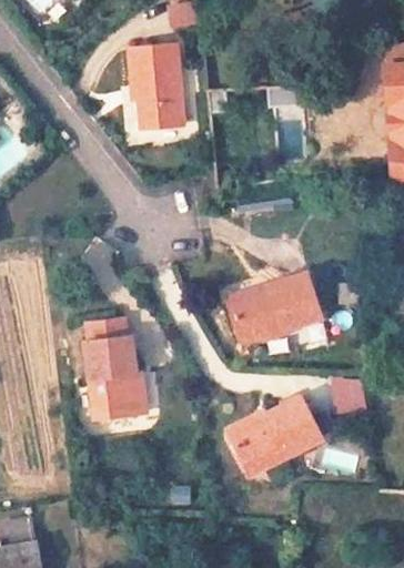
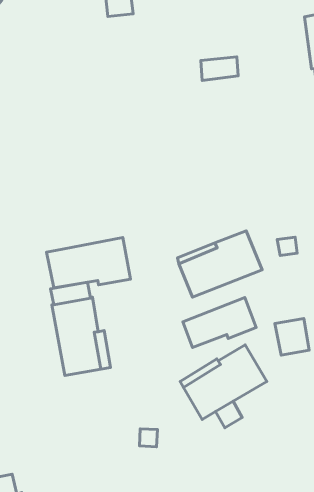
building: [130,44,182,130] -> none
building: none -> [47,237,131,288]
building: none -> [183,297,256,347]

